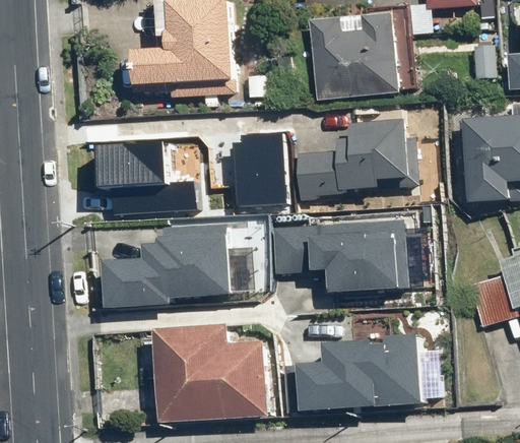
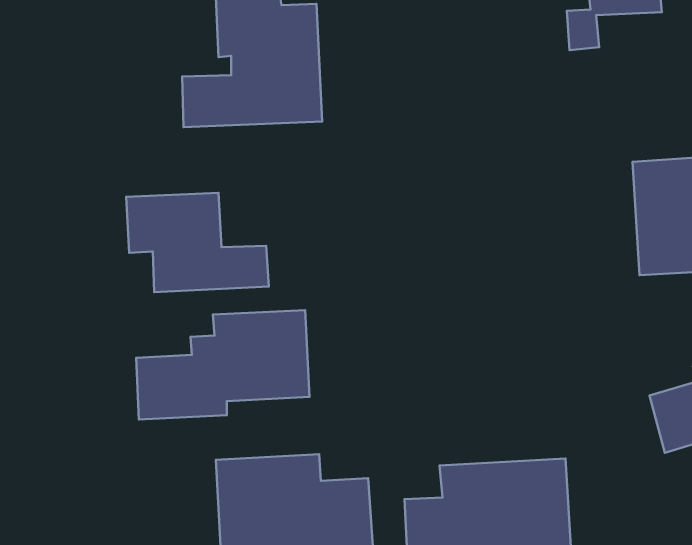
building: [317,20,400,102] -> none
building: [296,118,420,198] -> none
building: [230,129,288,204] -> none
building: [273,220,407,288] -> none

